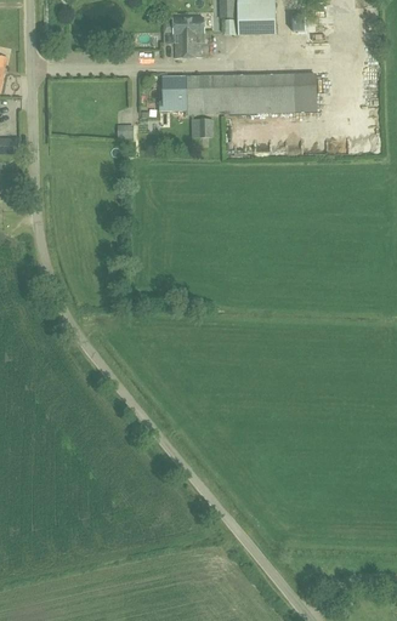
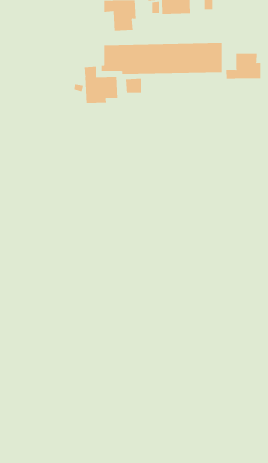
building: none -> [226,53,261,80]
building: none -> [84,66,118,104]

